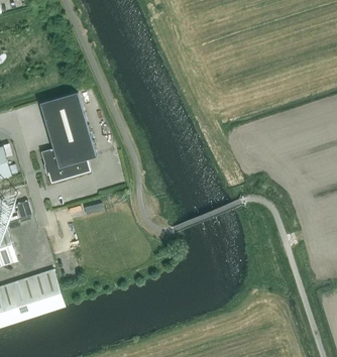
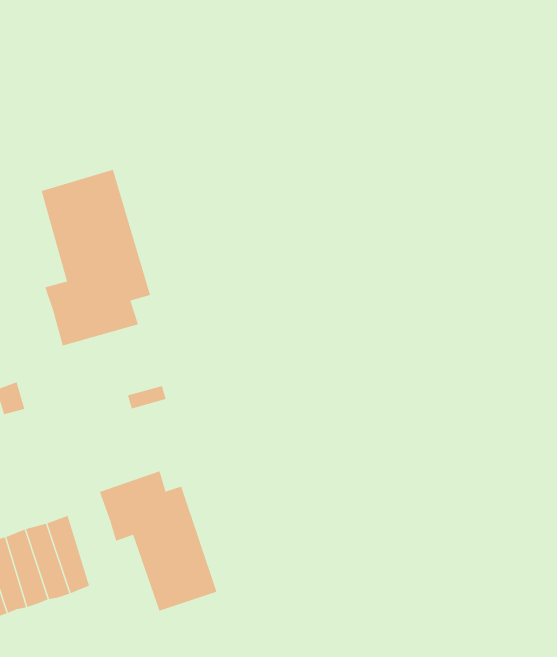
building: none -> [99,470,217,611]

